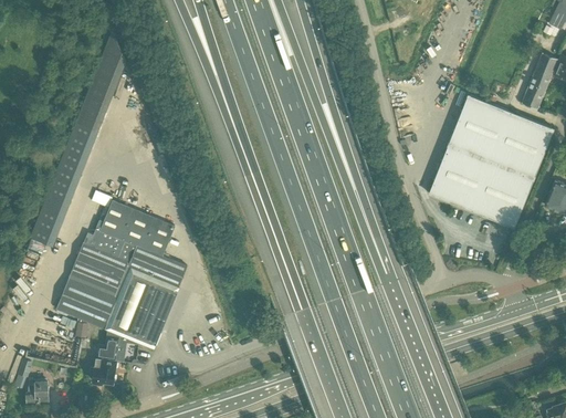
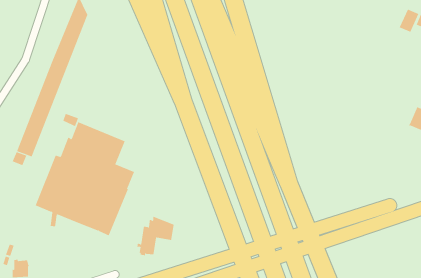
building: [521,76,546,108] -> none
building: [428,95,553,227] -> none
building: [88,331,138,383] -> [136,216,175,256]

